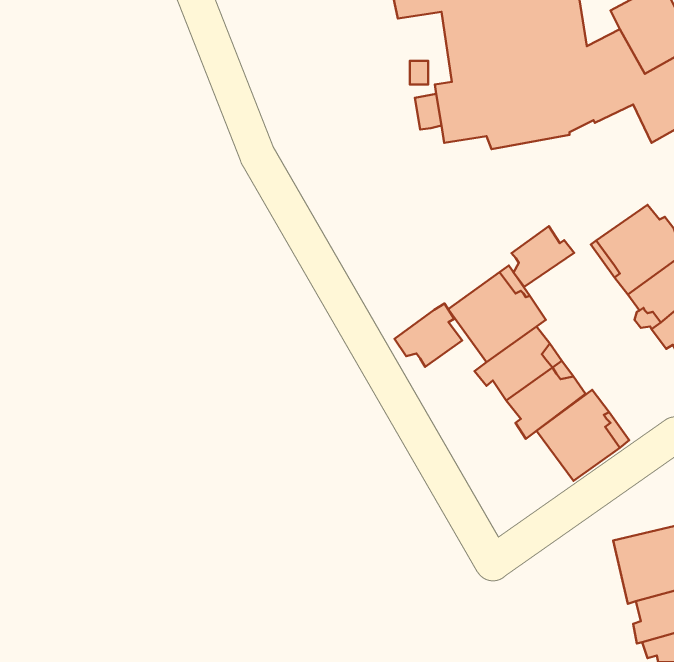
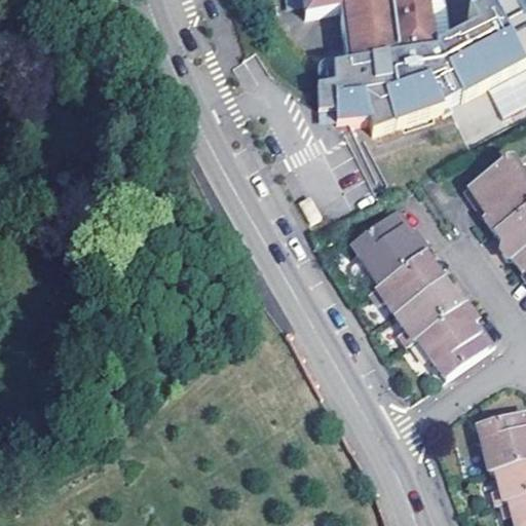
building: [512,226,574,287] -> none
building: [394,303,462,367] -> none

